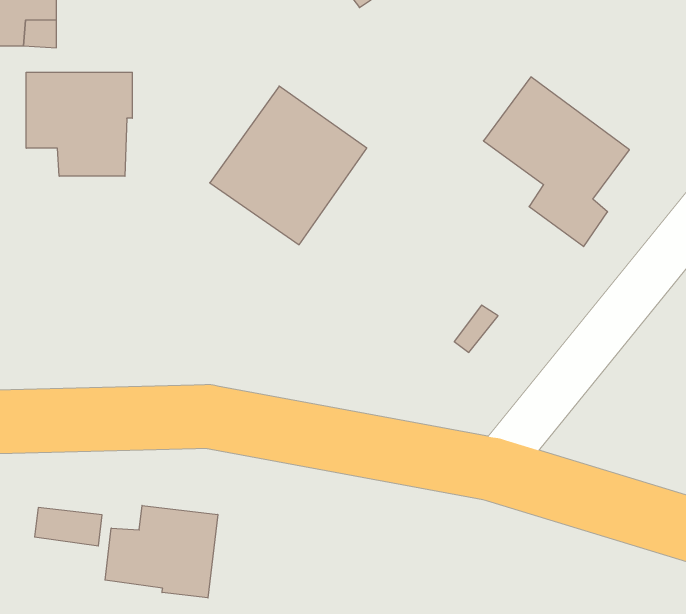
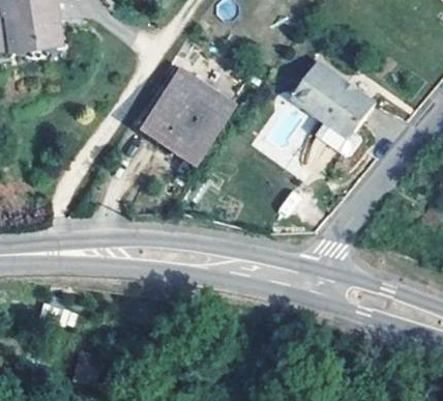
building: [26,72,132,176] -> none
building: [105,505,218,598] -> none

